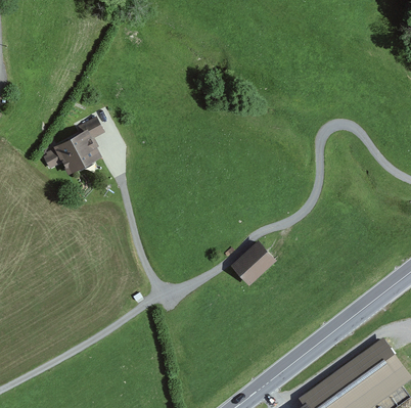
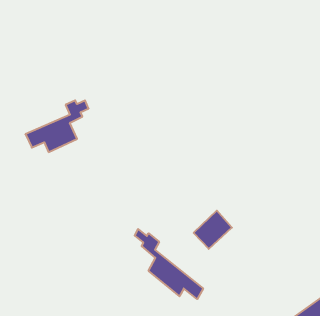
building: none -> [135,229,203,299]

